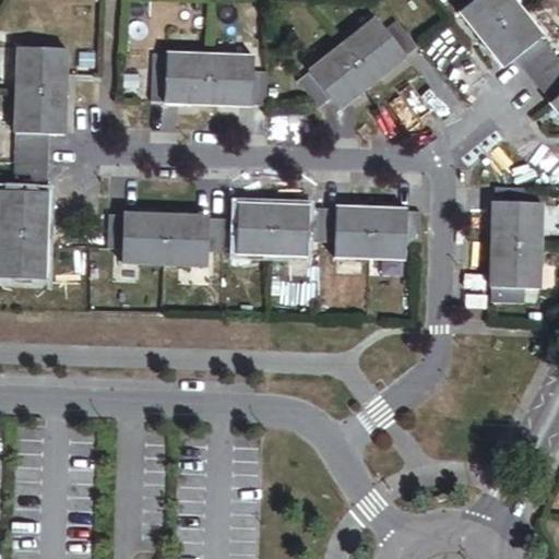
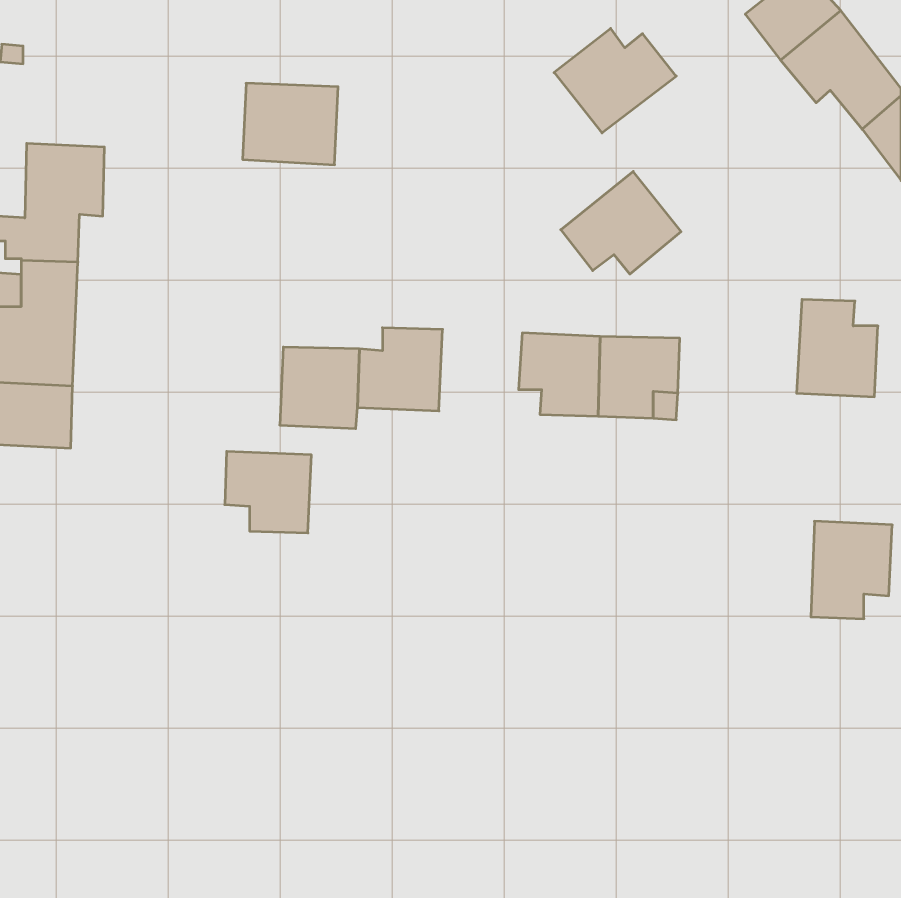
building: [297,45,371,108] -> [561,171,681,274]
building: [16,46,67,91] -> none
building: [206,53,265,104] -> none
building: [271,203,322,254] -> none
building: [121,212,175,262] -> [225,451,311,533]
building: [489,242,539,302] -> [811,521,892,619]

